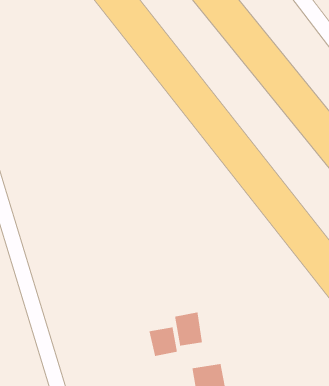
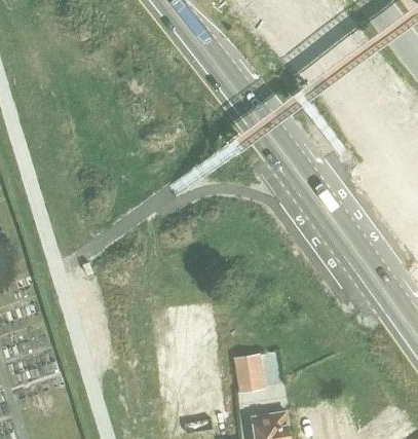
building: [149,327,178,357] -> none

